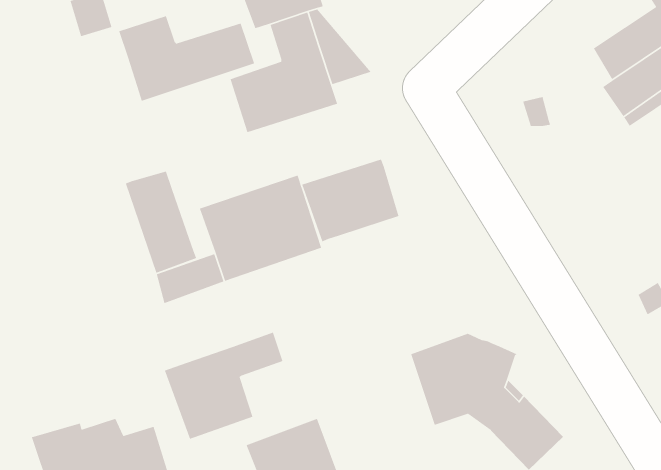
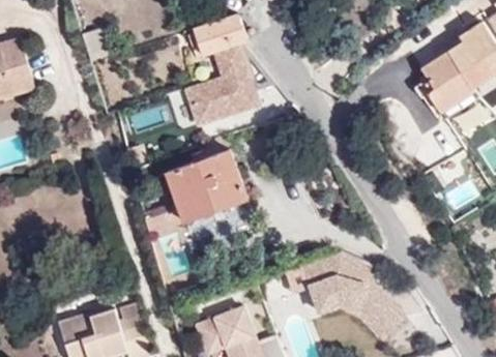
building: [118,15,255,102] -> none
building: [301,158,399,243] -> none
building: [125,171,197,274] -> none
building: [164,332,284,440] -> none

